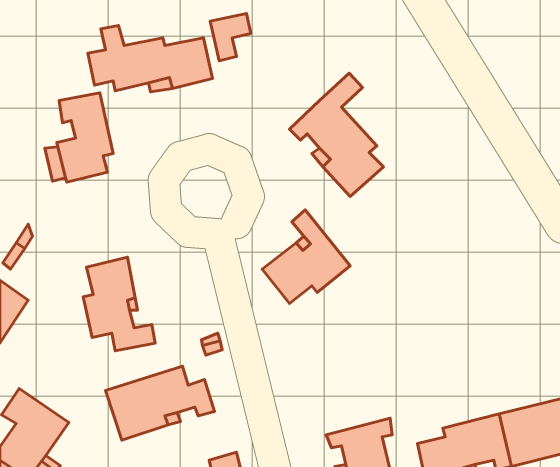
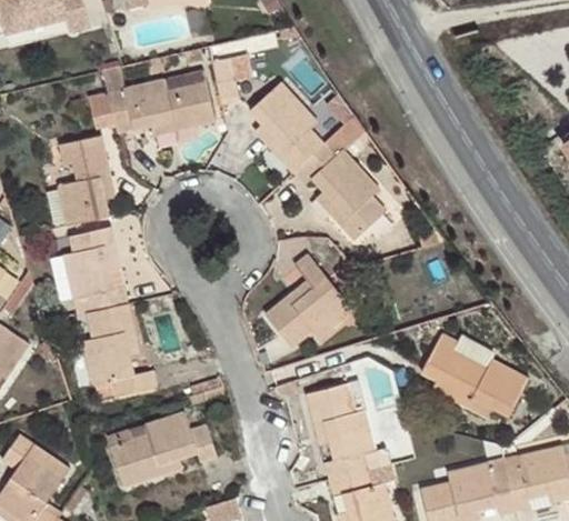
building: none -> [250,81,322,172]
building: none -> [64,226,129,311]
building: none -> [421,333,528,415]
building: none -> [308,385,393,480]

